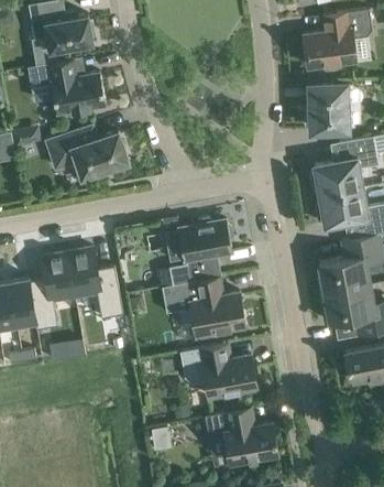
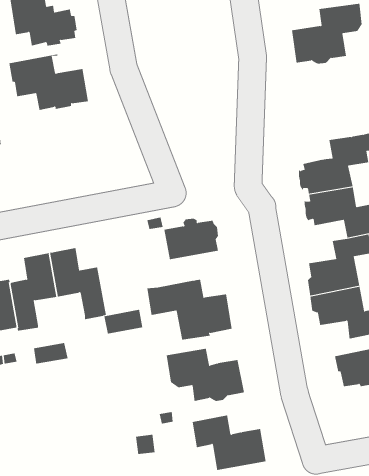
building: [307,85,347,130] -> none
building: [46,125,128,177] -> none
building: [169,262,208,286] -> [104,309,143,334]

